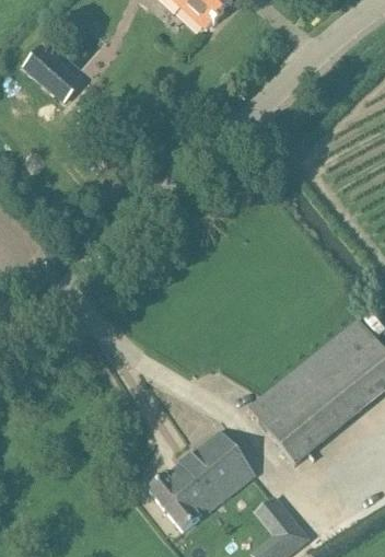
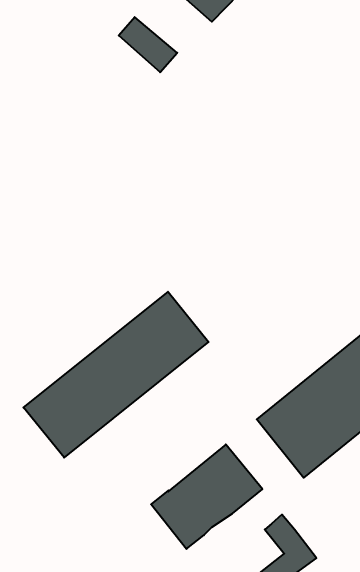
building: [25,47,81,100] -> [119,17,177,72]
building: none -> [23,292,209,458]

